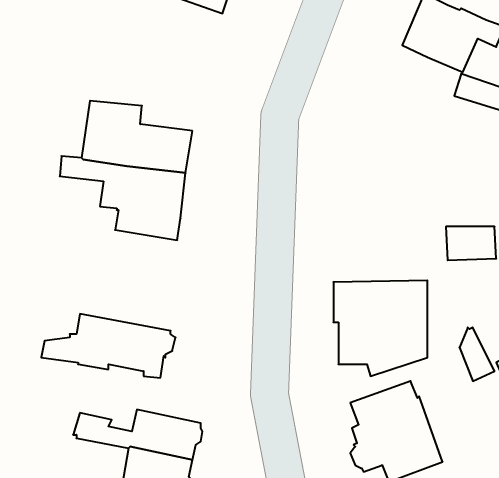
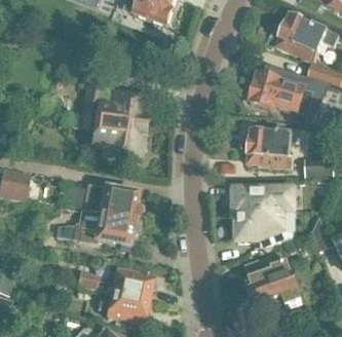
building: none -> [248,73,315,114]
building: none -> [242,128,293,167]
building: none -> [80,183,142,220]

